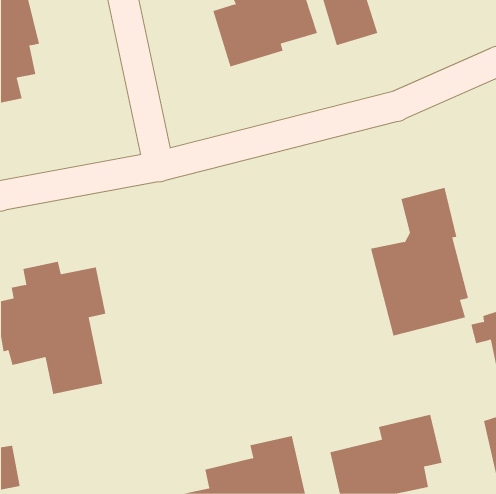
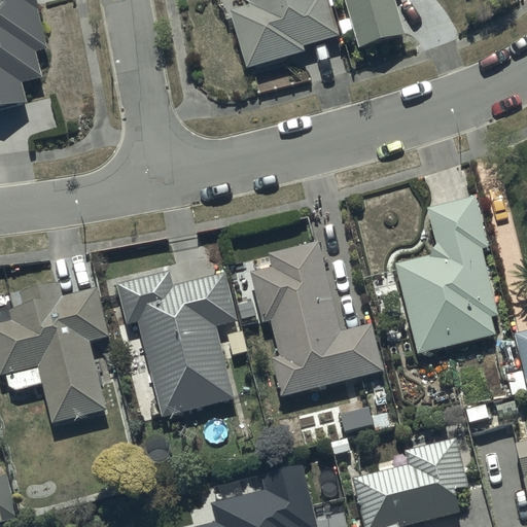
building: none -> [249,244,382,397]
building: none -> [122,273,236,413]

